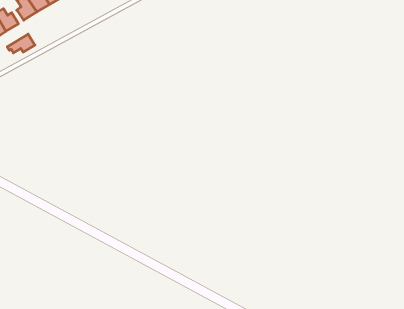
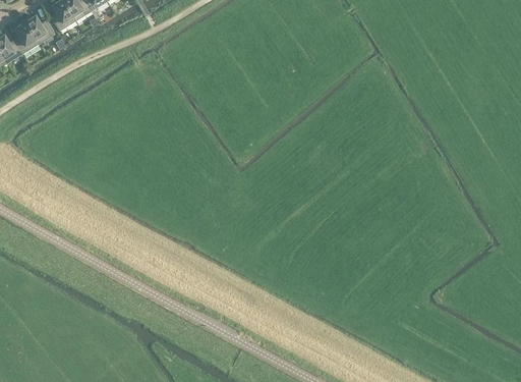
building: [7,34,35,53] -> none

